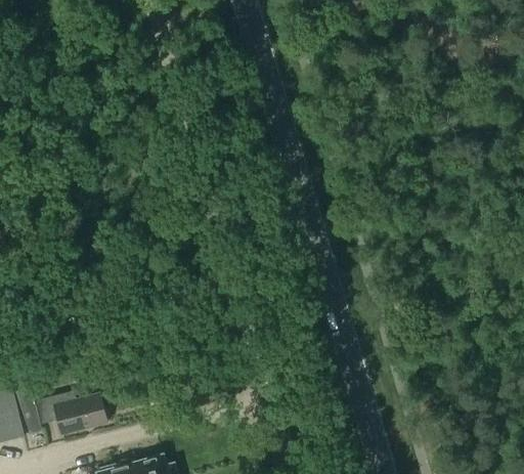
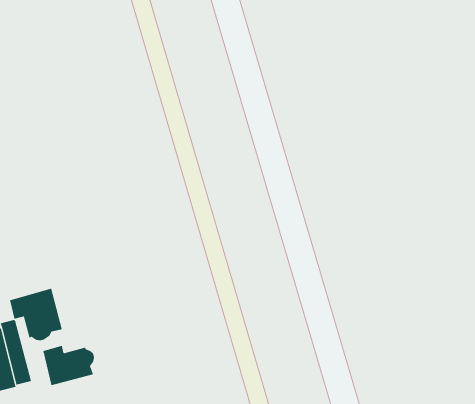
building: none -> [10,288,63,341]

